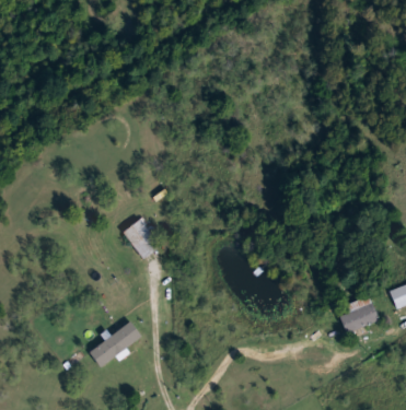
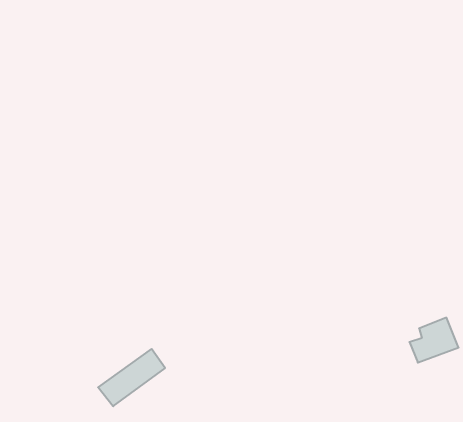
building: [123,216,161,258] -> none

